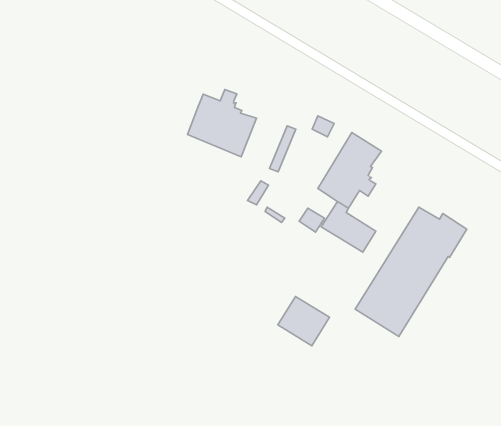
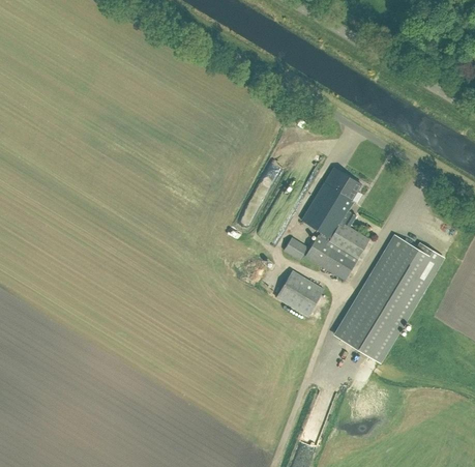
building: [187,89,257,157] -> none
building: none -> [327,222,367,260]
building: [278,296,329,346] -> [275,270,324,317]

